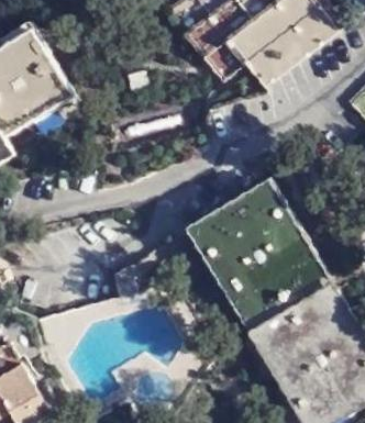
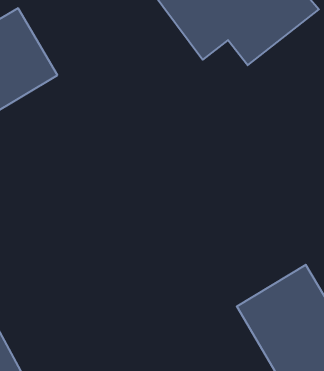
building: [191,183,321,326] -> none

